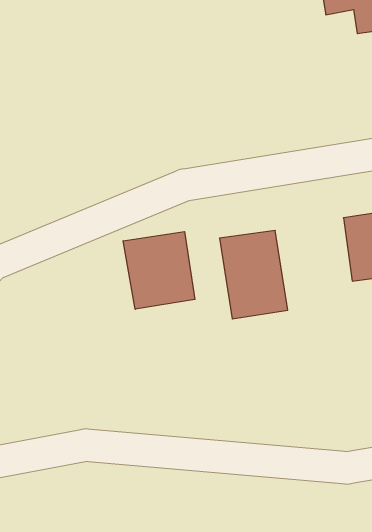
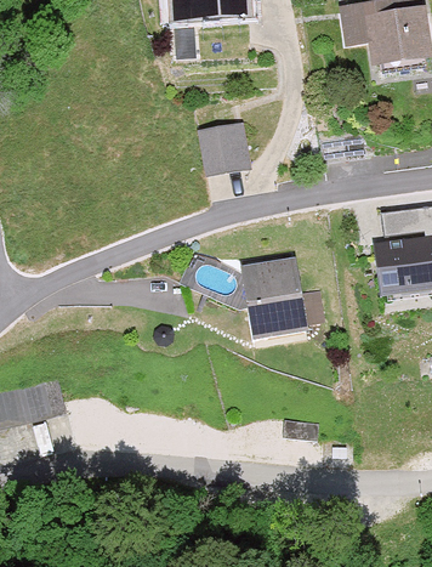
building: none -> [197,119,250,175]
building: [123,232,195,309] -> none

